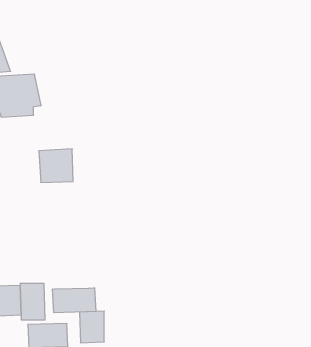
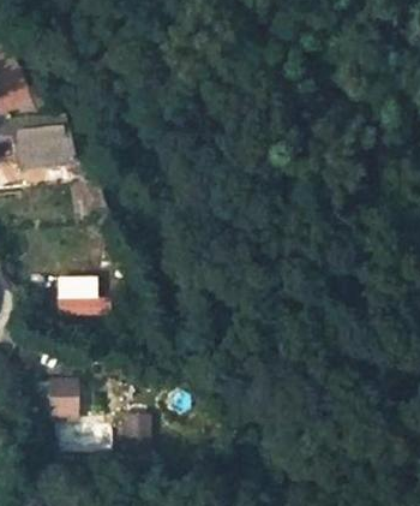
building: [39,149,73,182] -> [53,272,96,314]
building: [52,288,96,313] -> none

